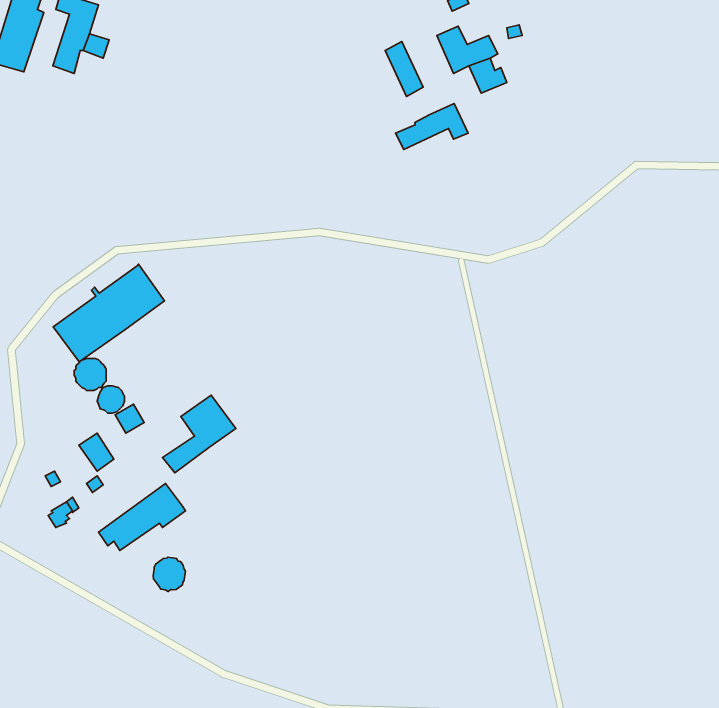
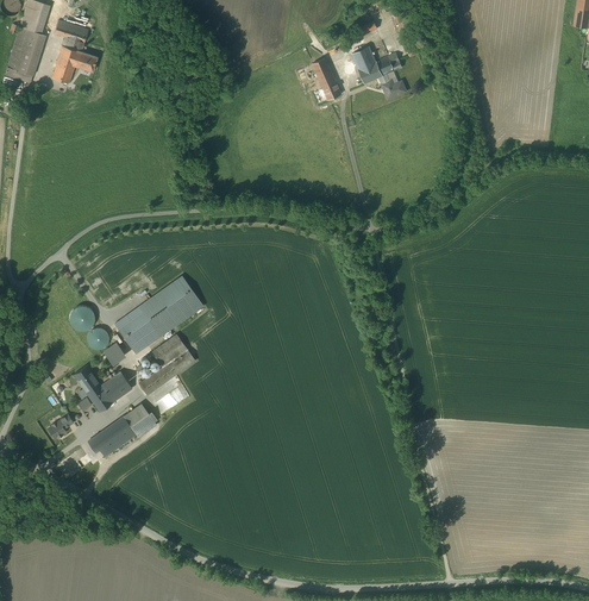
building: [395,103,468,150] -> none
building: [53,264,165,362] -> [115,276,202,352]
building: none -> [87,370,133,412]
building: [153,557,186,591] -> none

